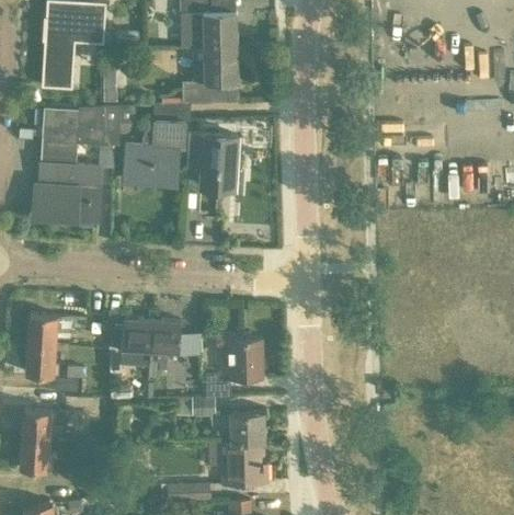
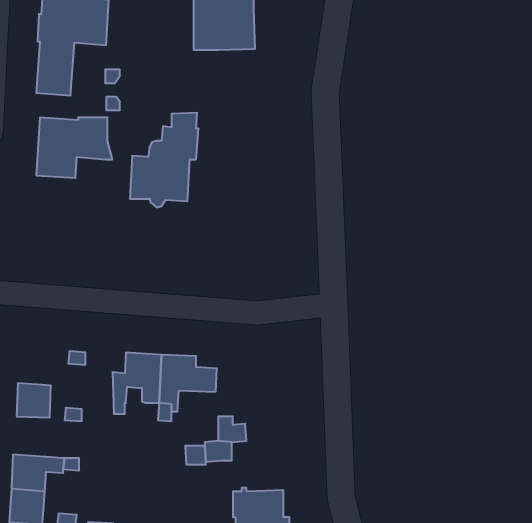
building: [184,48,238,104] -> none
building: [105,106,137,147] -> none
building: [191,136,240,191] -> none
building: [36,161,103,221] -> none
building: [26,314,58,348] -> none
building: [216,333,264,380] -> none
building: [229,413,265,443] -> none

